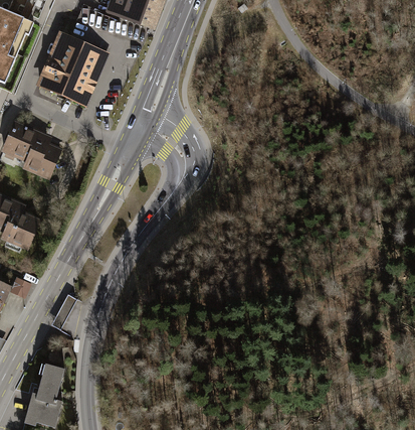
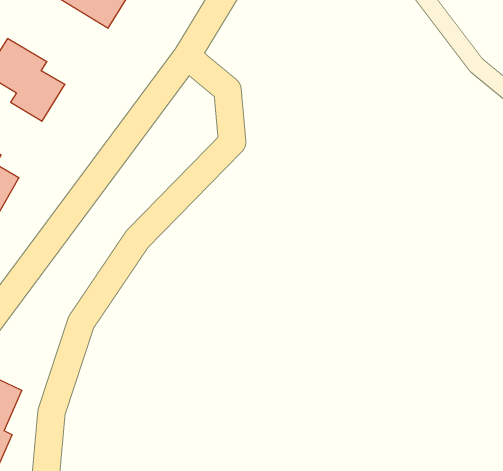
building: [50,293,78,334] -> none

